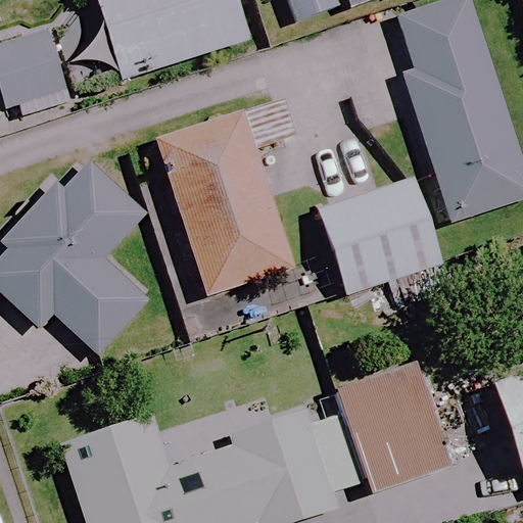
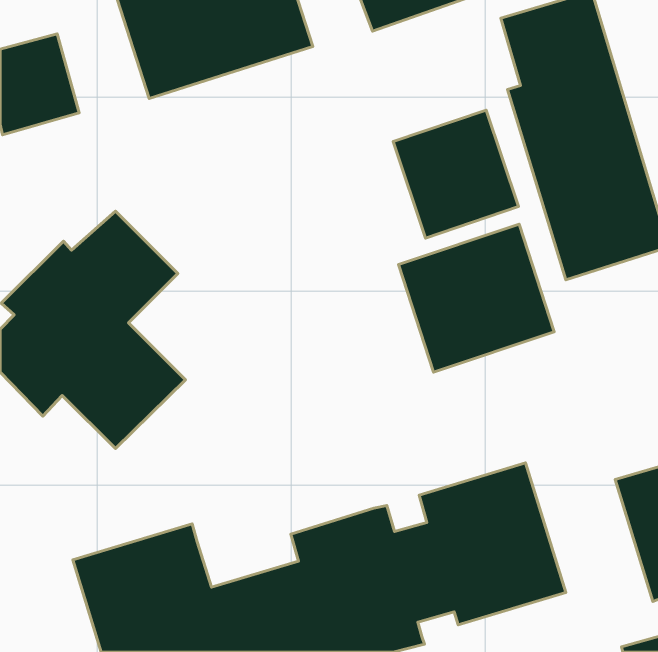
building: none -> [393,110,518,238]
building: [155,101,294,295] -> none

